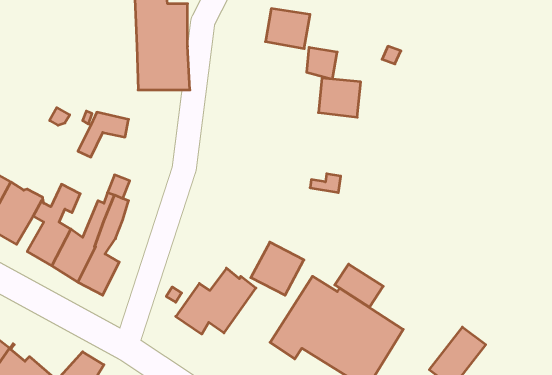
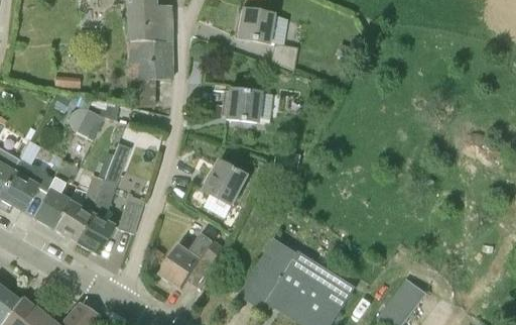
building: [318,78,361,117] -> [225,89,261,122]
building: none -> [116,195,144,233]
building: [251,242,304,295] -> [205,159,250,205]
building: [335,264,383,307] -> none

